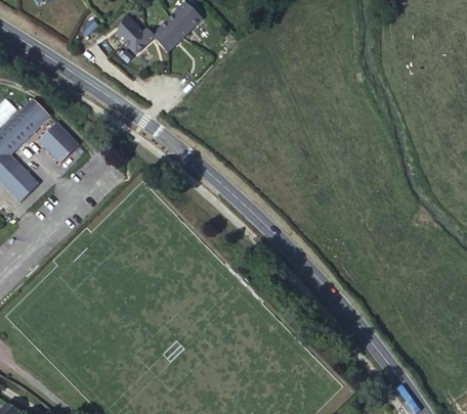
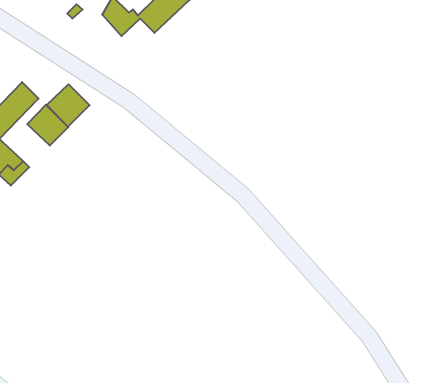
building: none -> [47,84,90,127]

